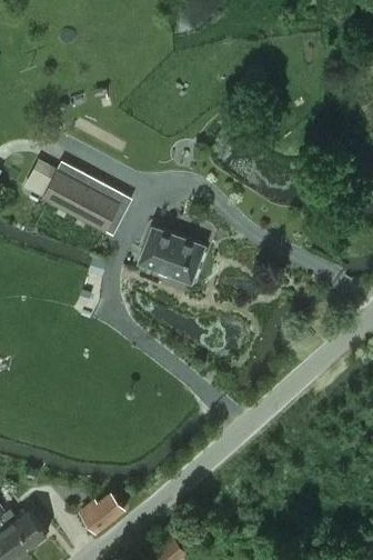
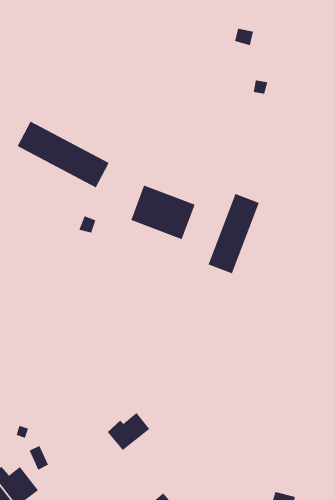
building: none -> [208,193,259,274]
building: [81,493,124,532] -> [107,412,150,451]

